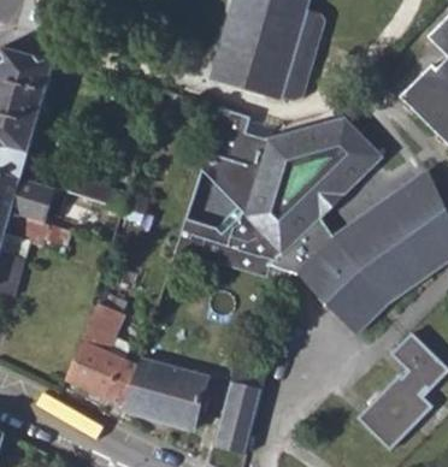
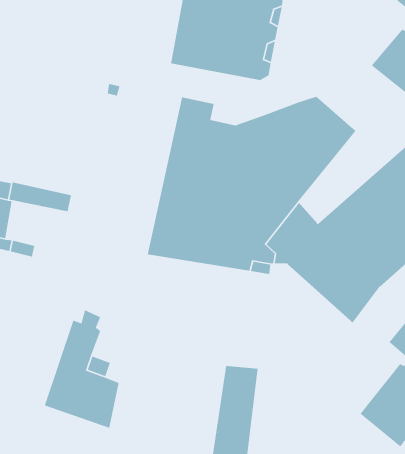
building: [122,357,208,431] -> none

